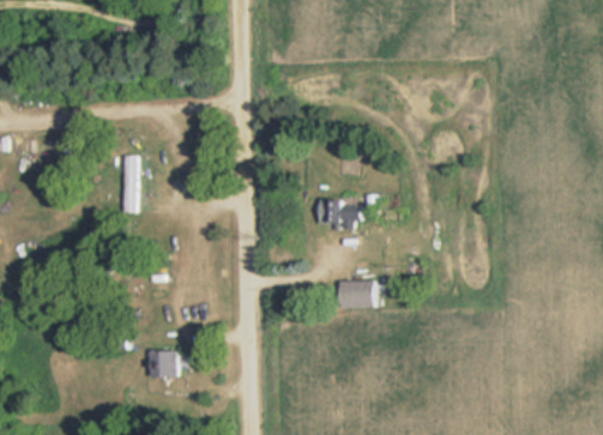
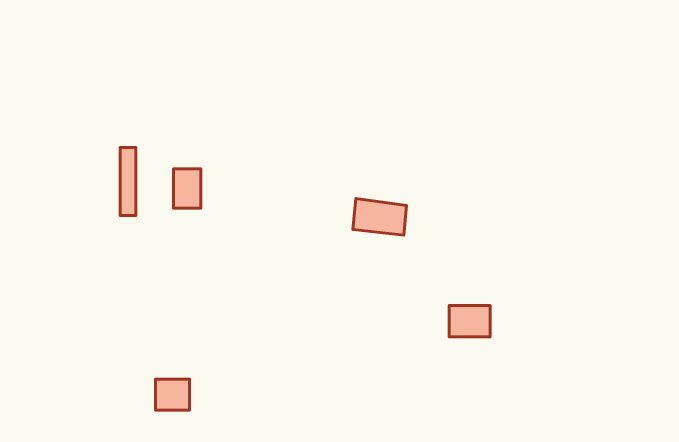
building: none -> [173,169,201,208]
building: [339,280,374,307] -> [449,306,490,337]

